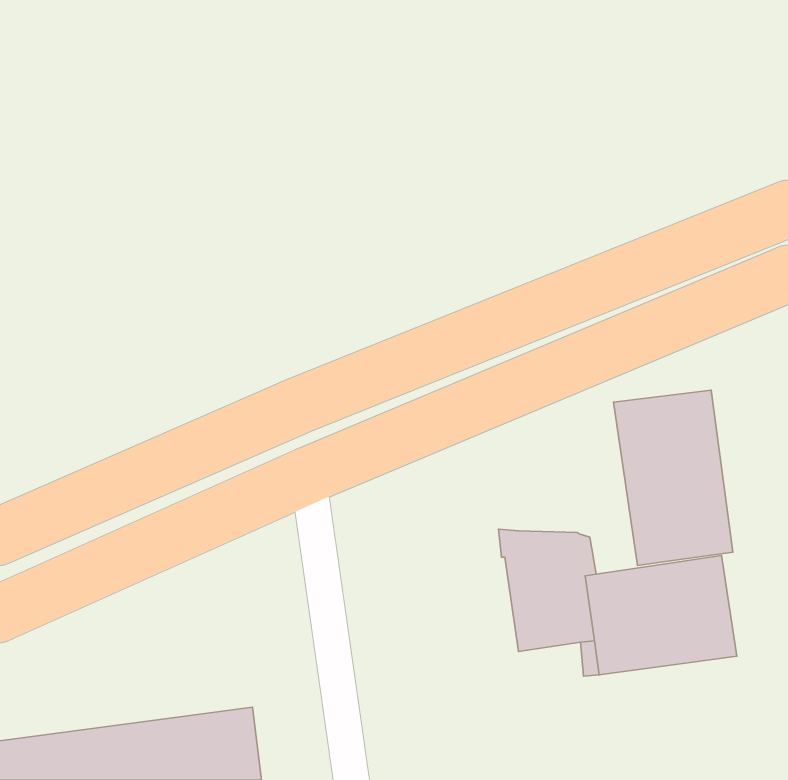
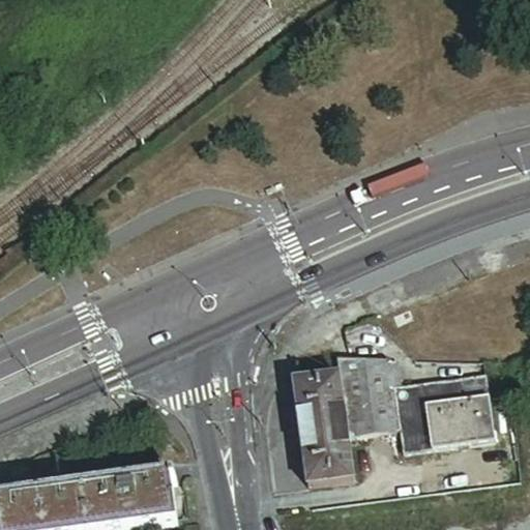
building: [614,390,733,566] -> none
building: none -> [292,373,353,484]

